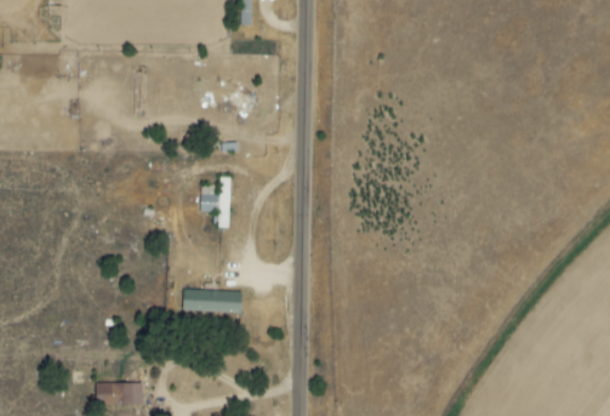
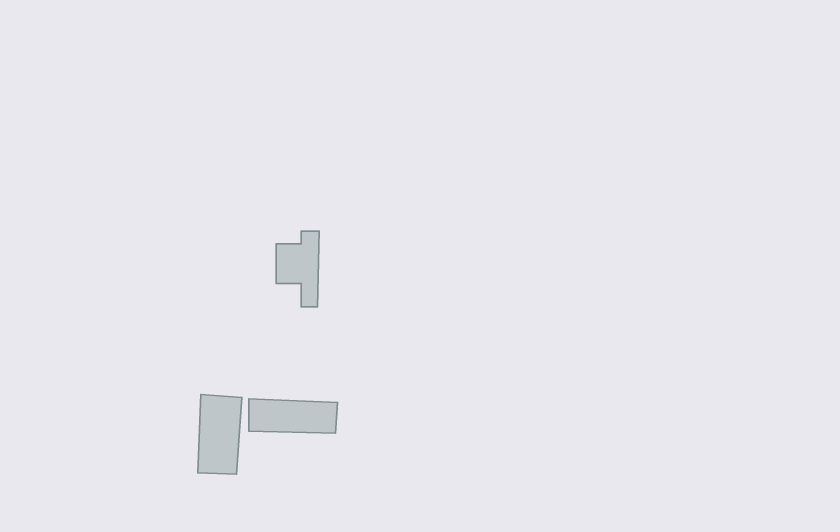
building: none -> [198,394,242,474]

